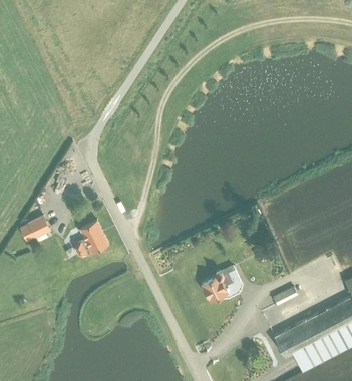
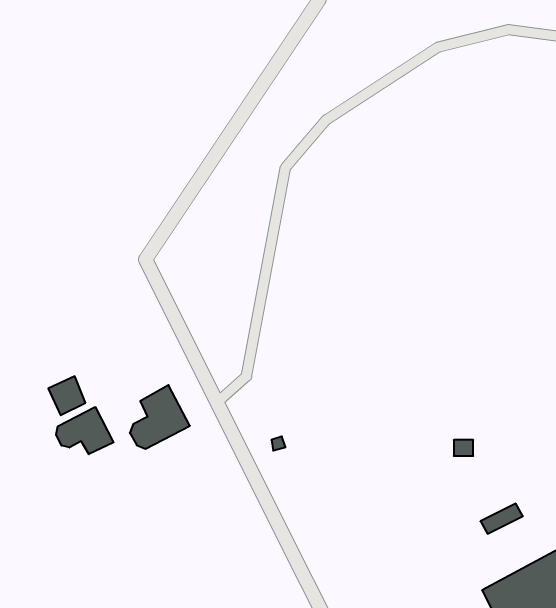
building: none -> [56,407,114,454]
building: [203,268,235,303] -> none

